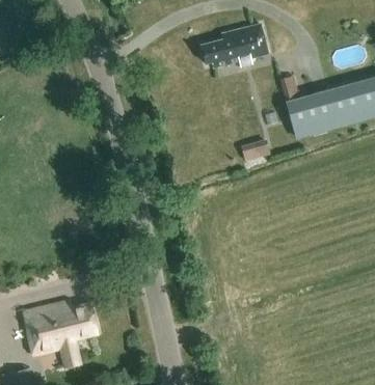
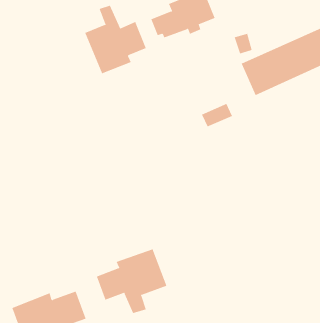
building: none -> [84,5,147,74]
building: none -> [96,248,167,314]

